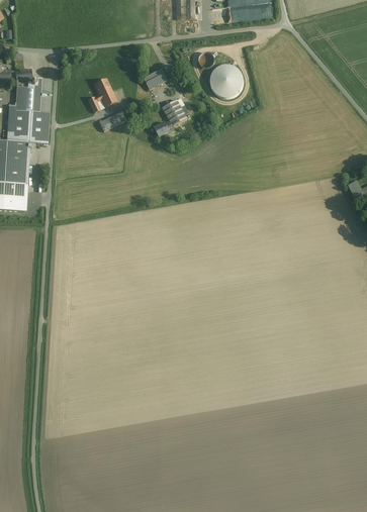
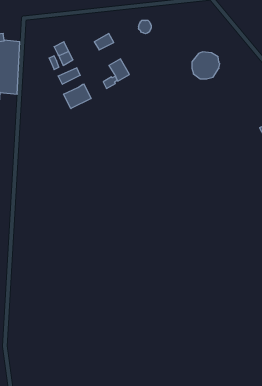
building: [209,64,244,97] -> [192,52,220,79]
building: none -> [64,84,91,109]

